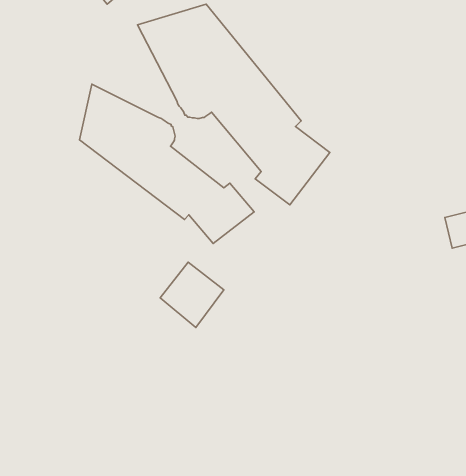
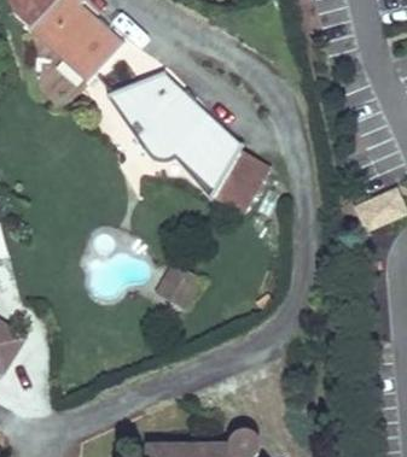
building: [80,84,254,244] -> none

